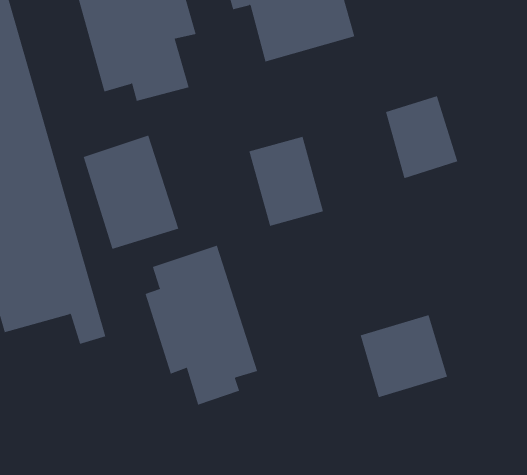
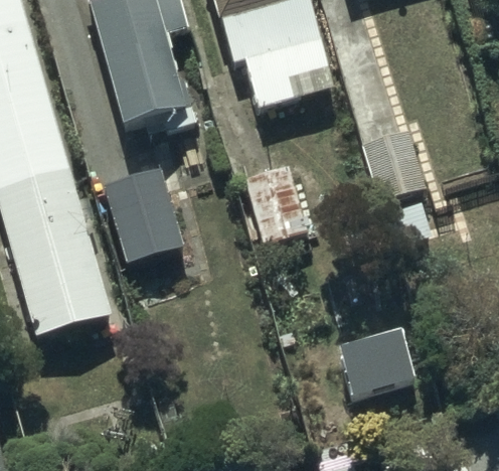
building: [145,245,258,405] -> none

